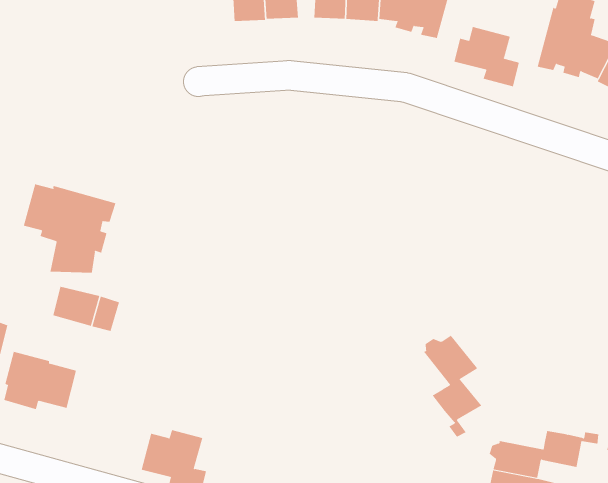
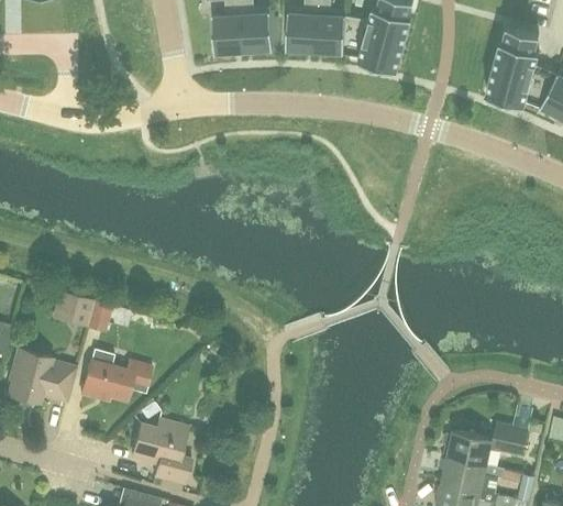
building: [454,26,520,87] -> none
building: [23,184,116,273] -> none
building: [423,335,482,438] -> none
building: none -> [79,350,151,402]

